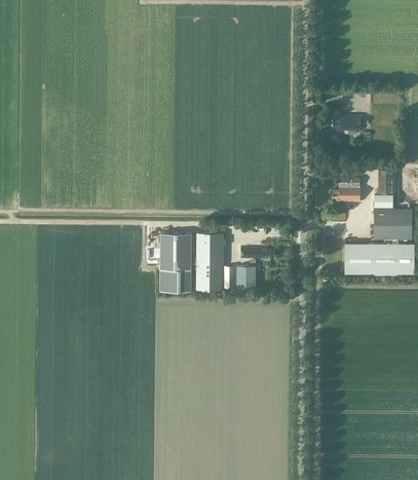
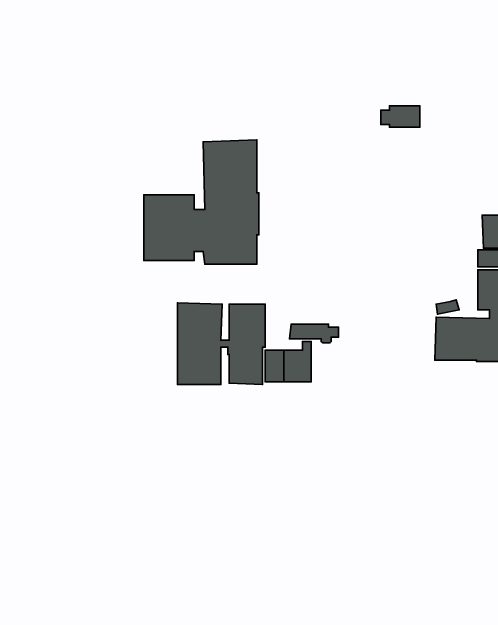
building: [333,115,360,131] -> [381,106,420,127]
building: none -> [144,140,259,264]
building: [329,178,360,201] -> none

